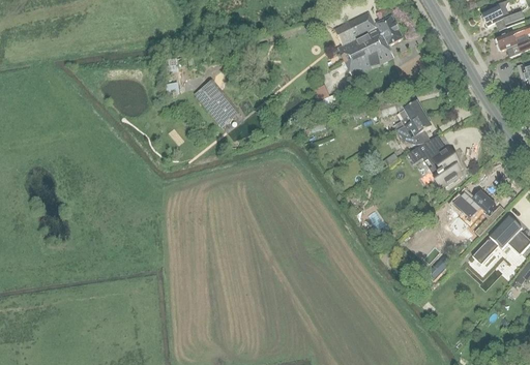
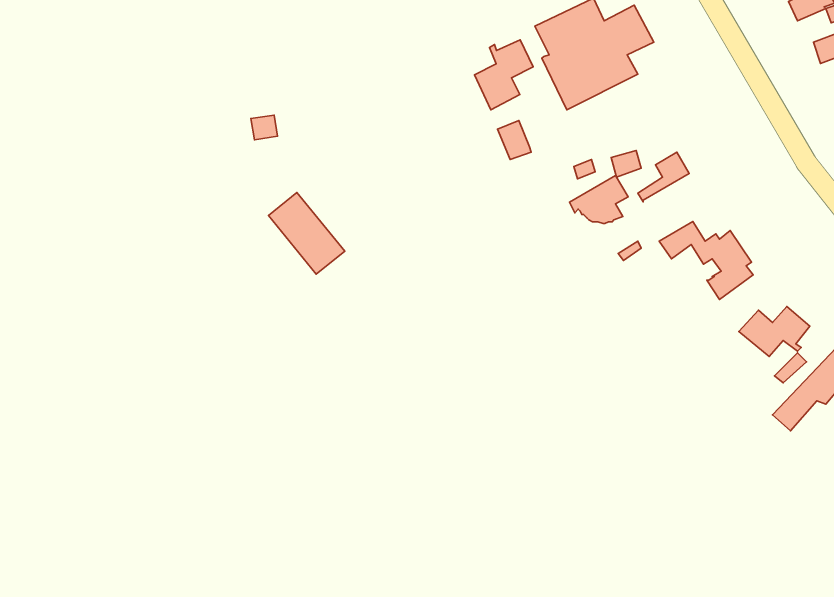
building: none -> [475,40,533,110]
building: [195,78,239,125] -> [268,193,345,274]
building: [398,114,432,142] -> [569,176,628,224]

